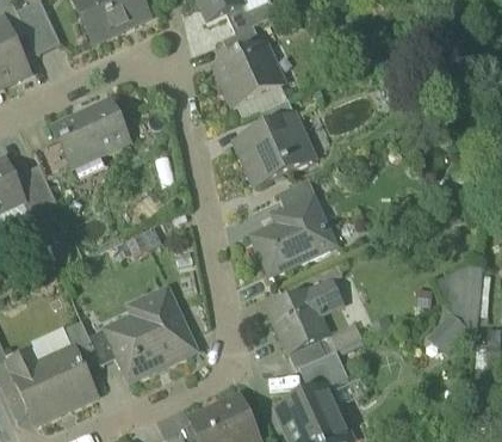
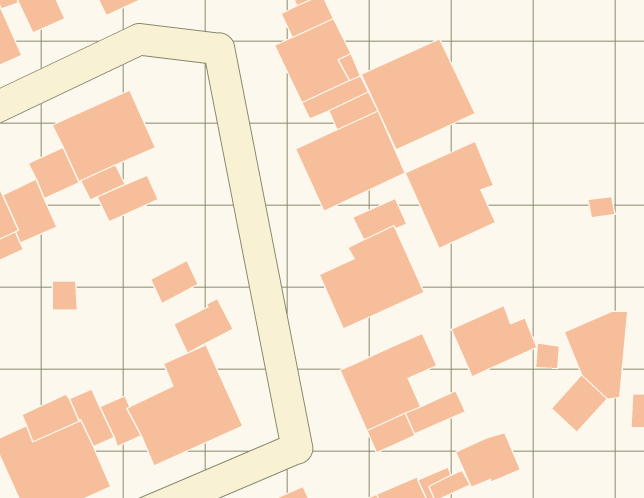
building: none -> [361,39,475,150]
building: none -> [405,141,495,248]
building: none -> [97,175,158,222]
building: none -> [174,299,233,353]
building: none -> [451,306,537,377]
building: [299,352,348,393] -> [455,433,521,487]

